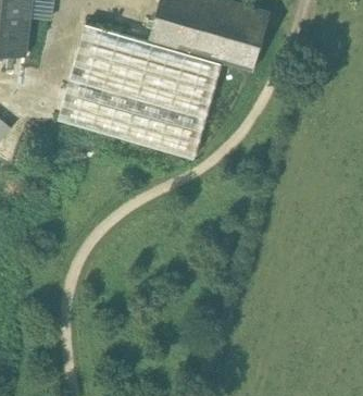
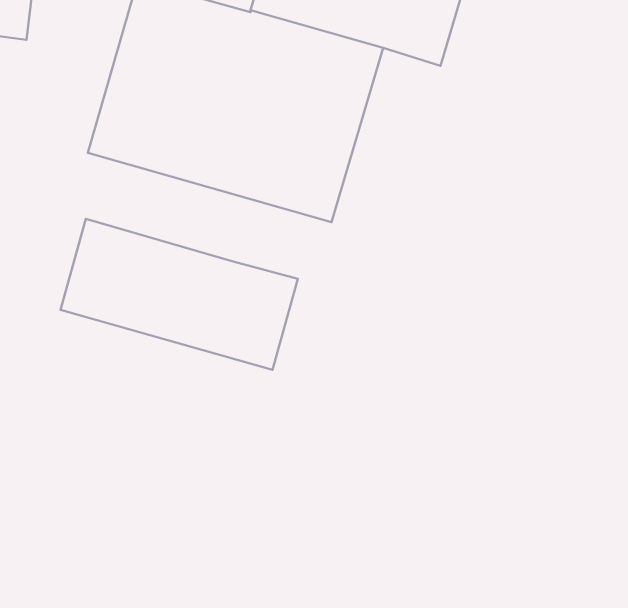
building: none -> [61,219,298,370]

